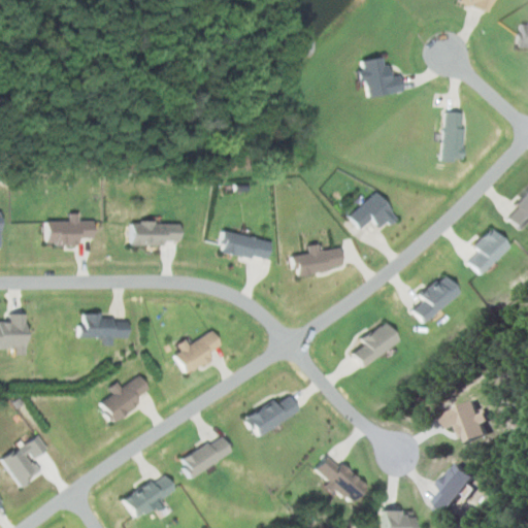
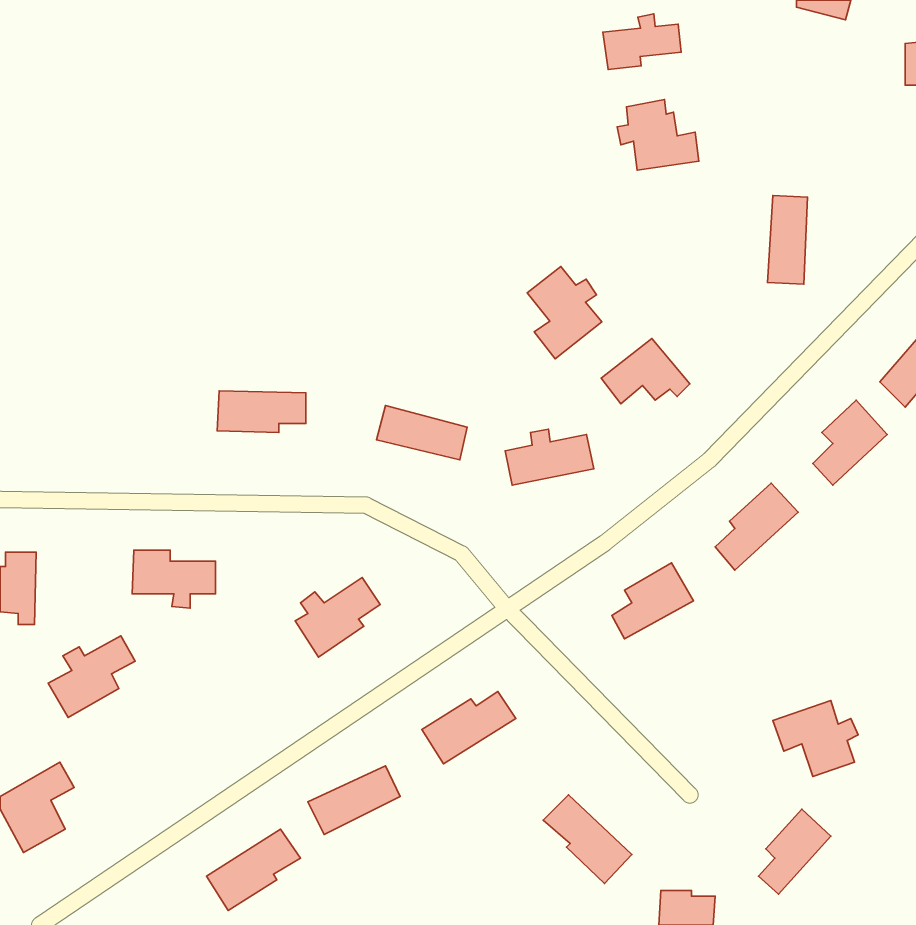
building: none -> [603,14,681,69]
building: none -> [527,266,602,359]
building: [45,213,94,246] -> none
building: [100,374,150,421] -> [48,636,135,717]

